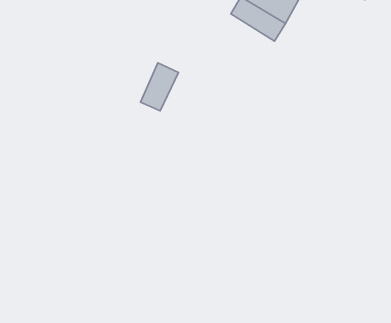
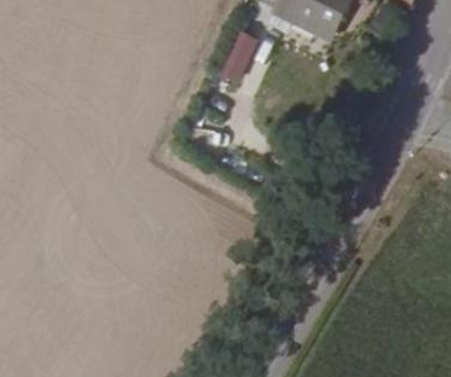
building: [140,63,179,111] -> [216,27,259,80]

